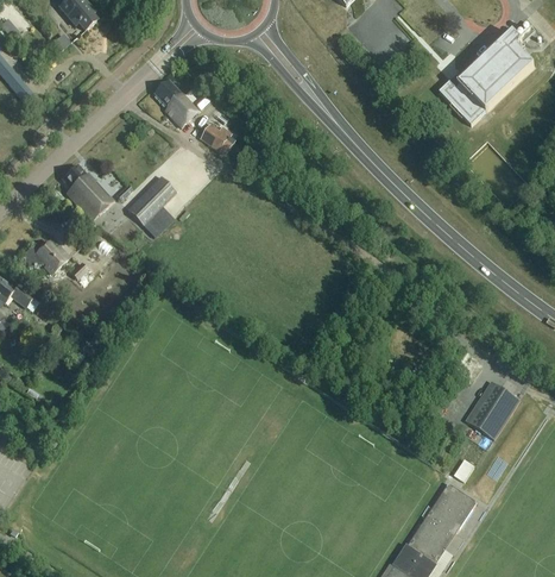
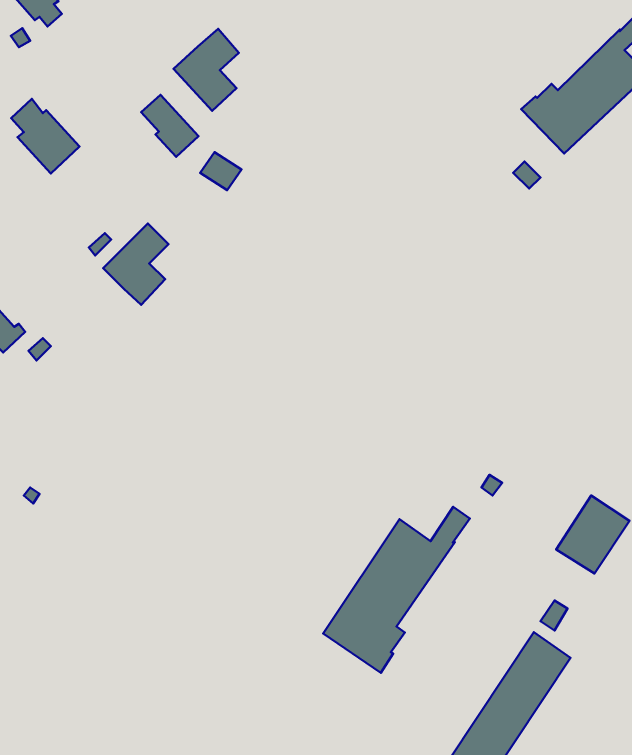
building: none -> [174,29,239,111]
building: [61,163,112,219] -> [11,99,80,174]
building: none -> [323,507,470,673]

